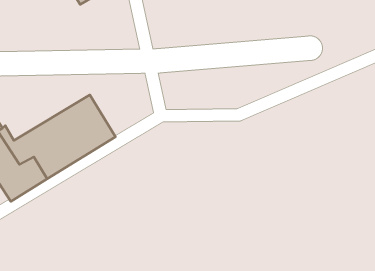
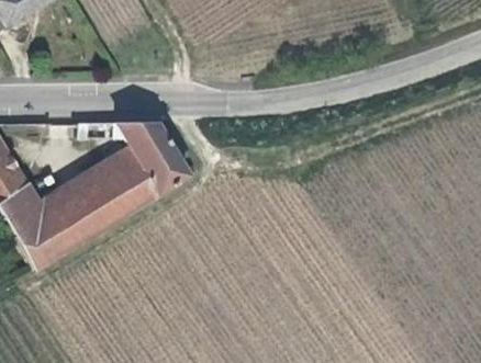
building: none -> [79,122,187,192]

